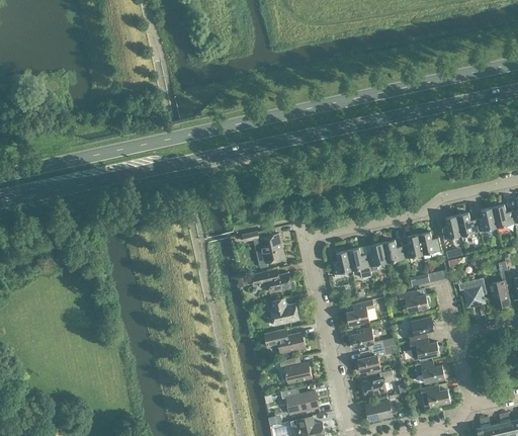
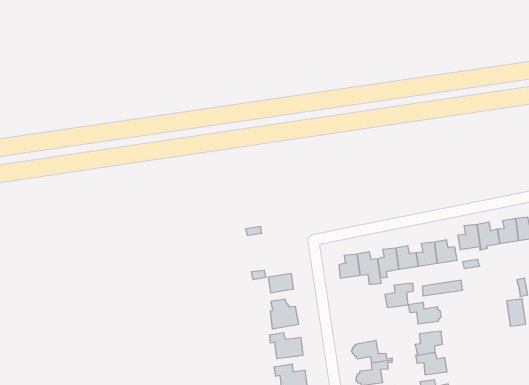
building: [260,234,284,263] -> none
building: [458,278,487,306] -> none
building: [347,300,373,325] -> [385,283,414,308]

